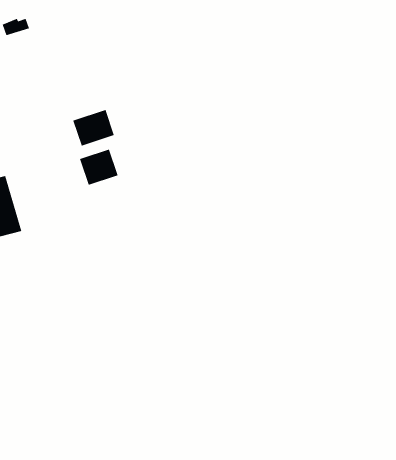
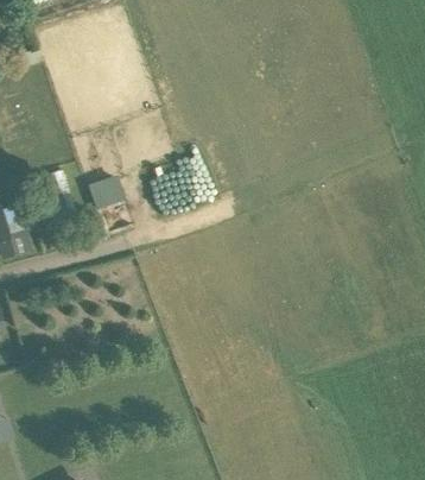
building: [73,109,114,147] -> none

